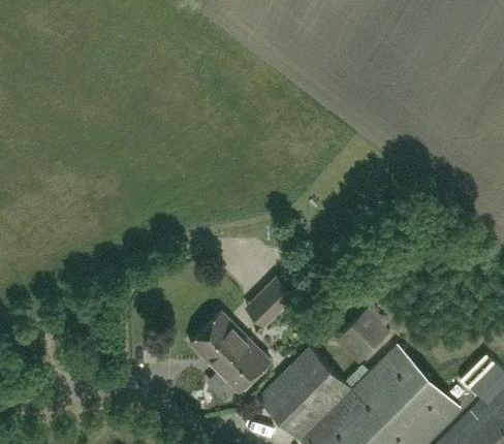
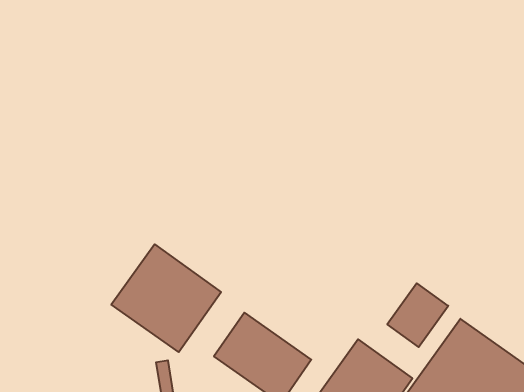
building: none -> [111,244,221,352]
building: [245,279,292,326] -> none

